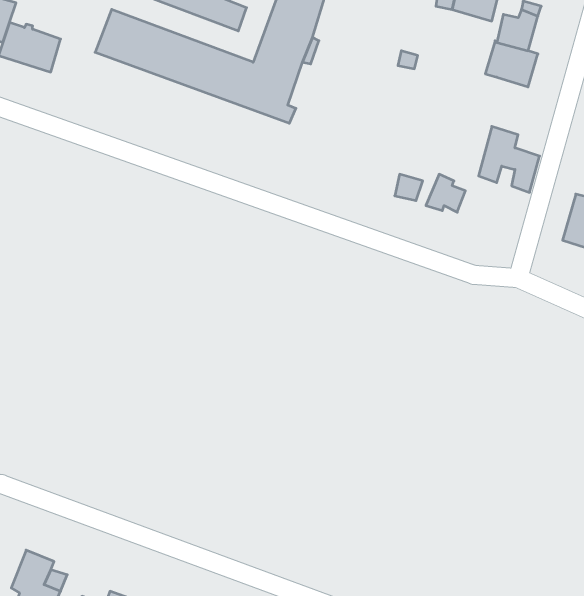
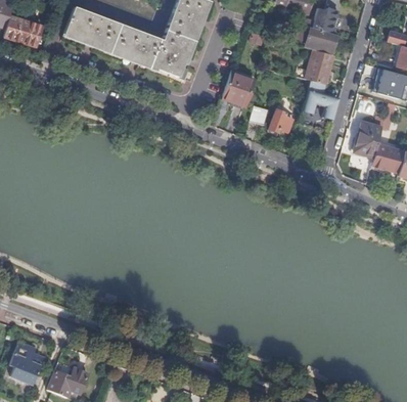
building: none -> [305,49,334,85]
building: none -> [221,76,254,109]

